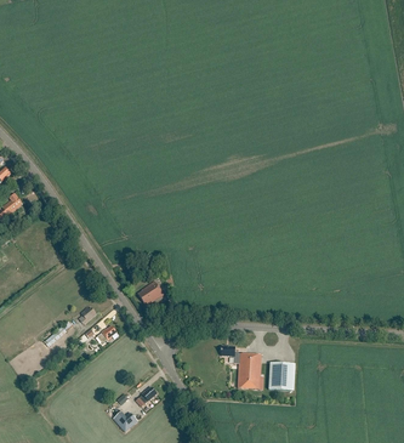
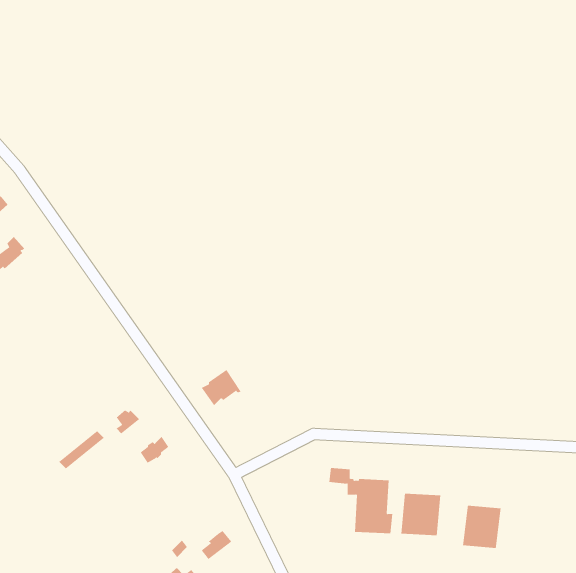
building: none -> [462,505,501,549]

